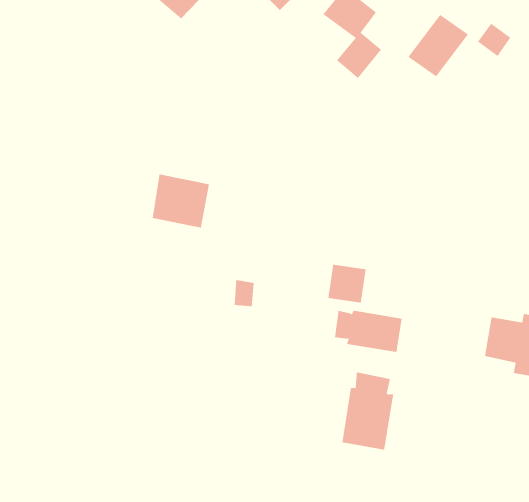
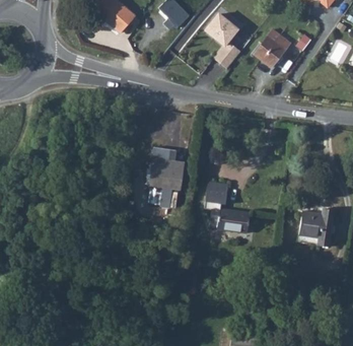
building: [152,174,210,228] -> [149,154,184,187]
building: [342,372,394,451] -> none

